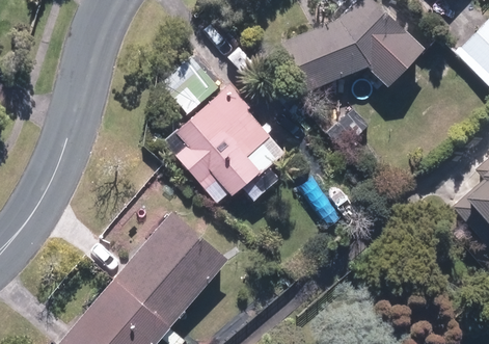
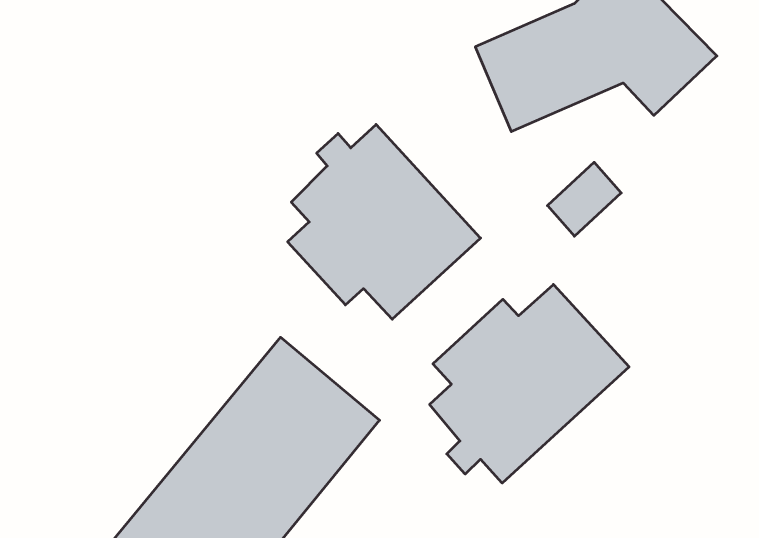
building: none -> [430,284,629,483]

